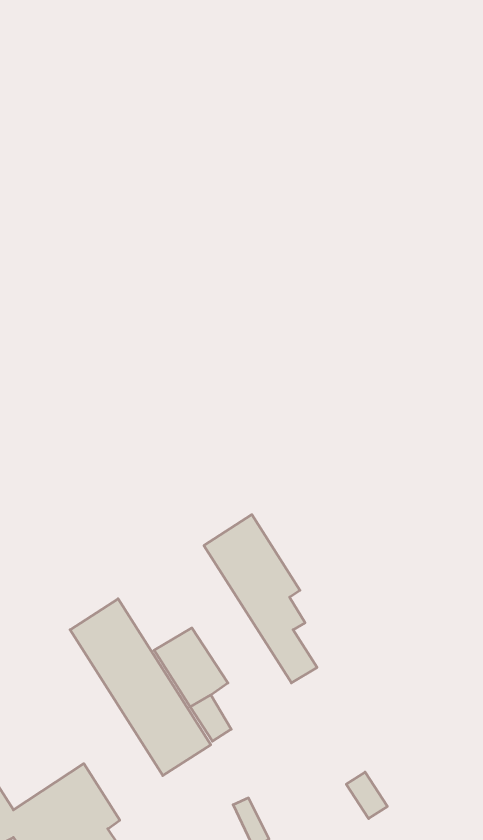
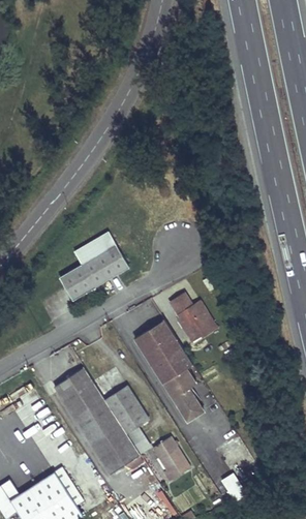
building: none -> [60,231,129,300]
building: none -> [170,293,215,338]
building: none -> [153,436,191,482]

